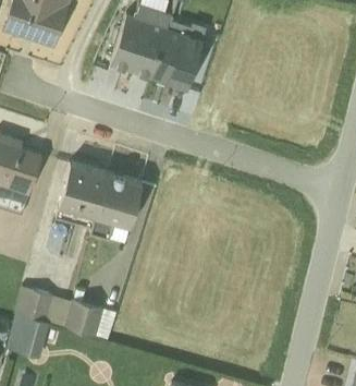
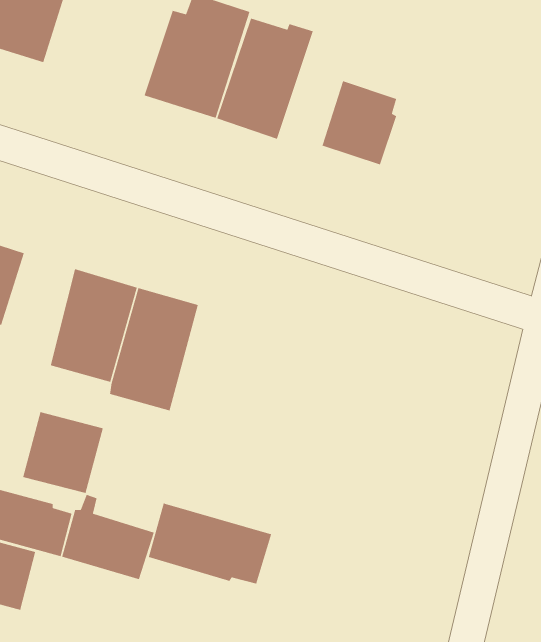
building: none -> [321,80,397,165]
building: none -> [22,411,104,494]
building: none -> [148,502,272,584]

